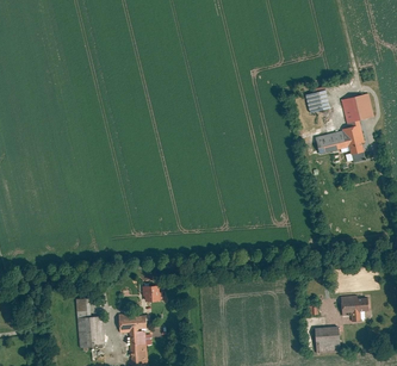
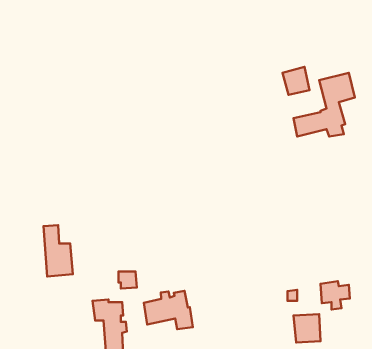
building: [76,298,105,348] -> [43,225,73,277]
building: none -> [144,291,193,329]

